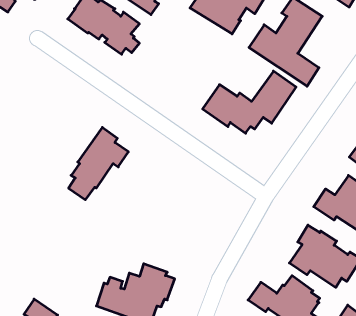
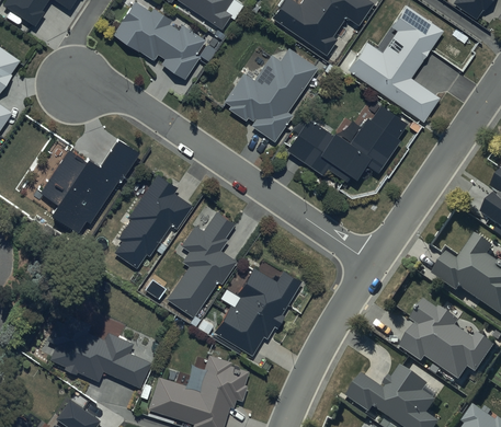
building: none -> [226,48,317,139]
building: none -> [39,137,136,232]
building: none -> [167,210,237,315]
building: none -> [214,267,301,354]
building: none -> [49,312,157,388]

